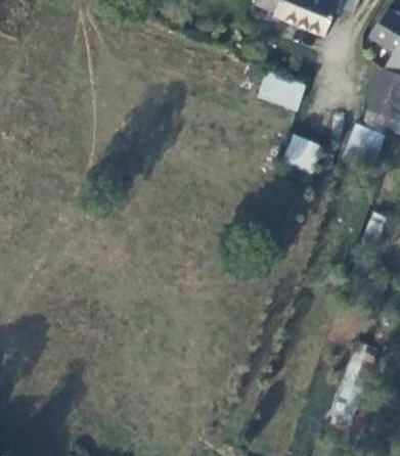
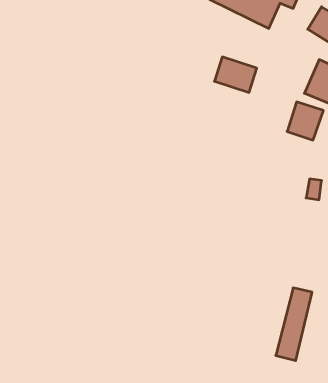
building: [283,133,325,173] -> none

